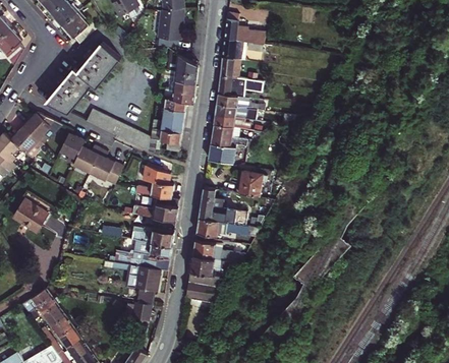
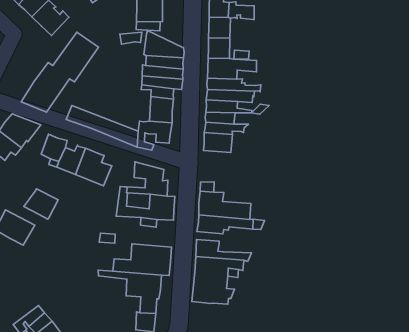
building: [238,171,267,196] -> none
building: none -> [24,189,58,219]
building: [131,226,174,245] -> none

